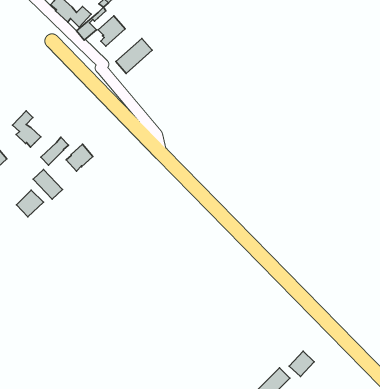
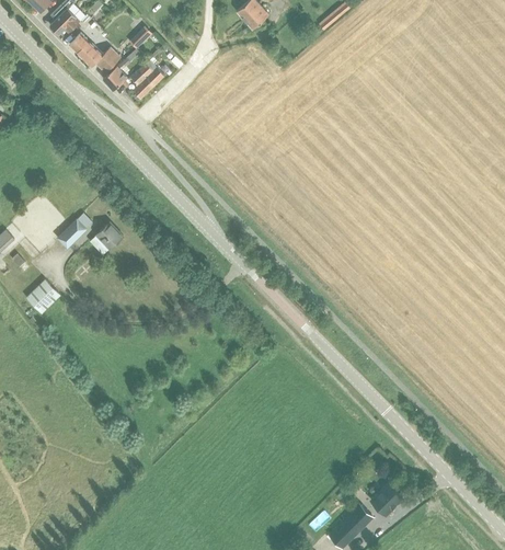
building: [116,38,152,73] -> none
building: [12,111,41,147] -> none
building: [33,169,62,199] -> none

